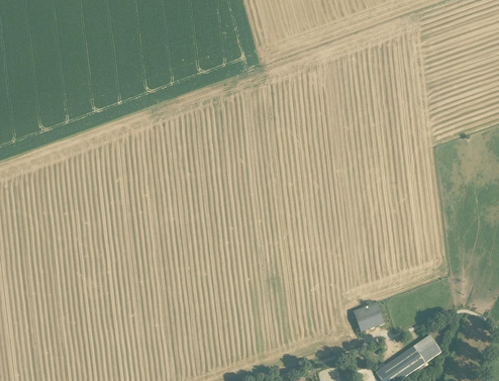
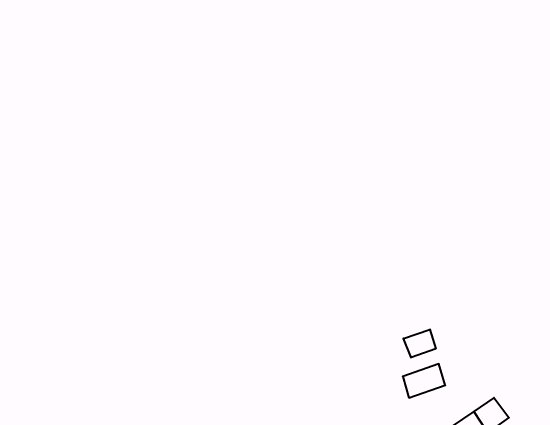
building: none -> [403,329,436,358]

